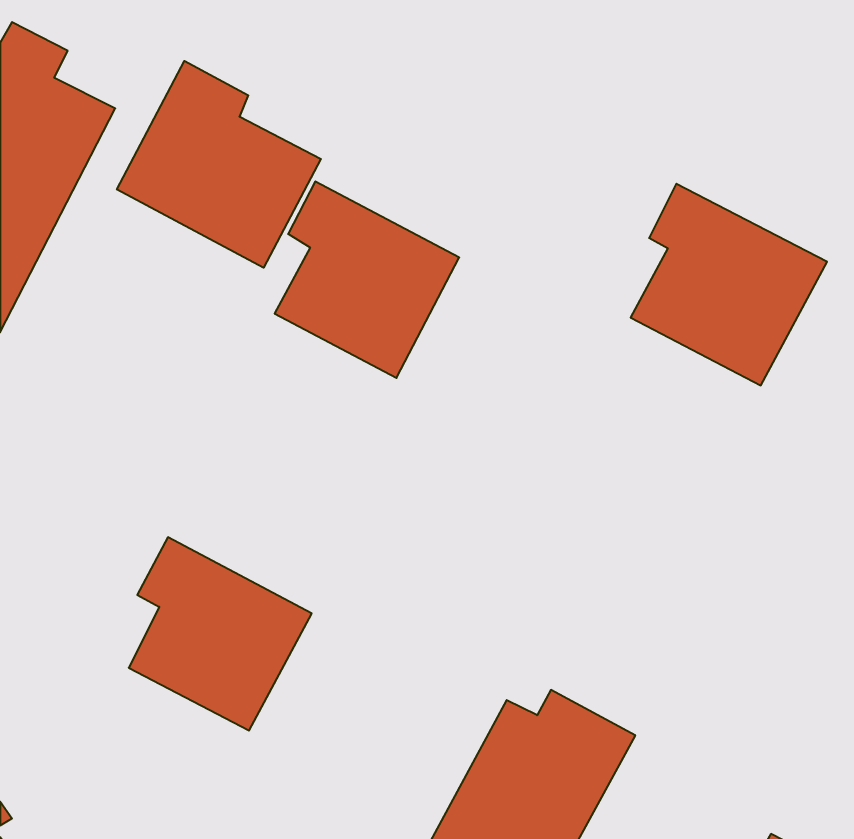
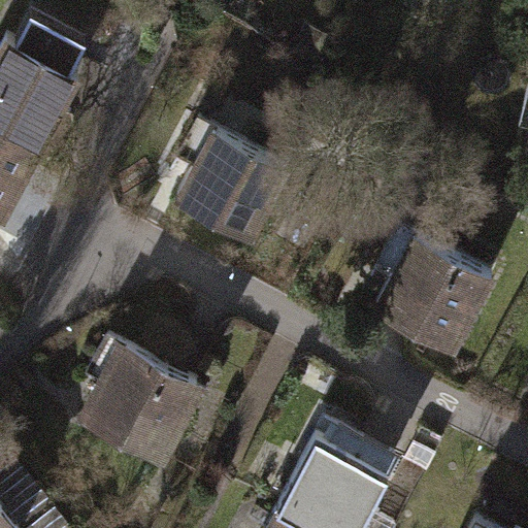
building: [117,61,321,268] -> none
building: [631,184,827,385] -> [372,233,492,356]

